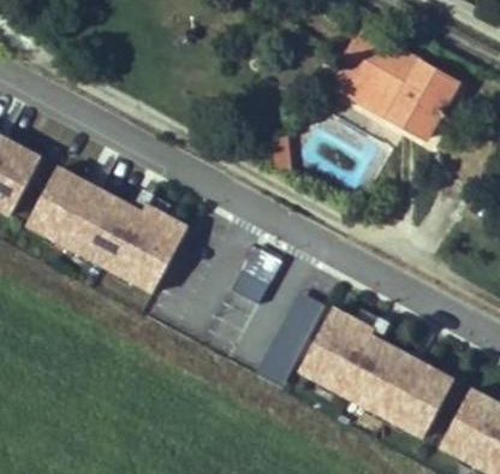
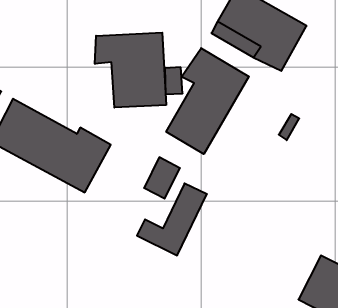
building: none -> [95,33,166,108]
building: none -> [166,48,249,154]
building: [299,308,456,437] -> none

